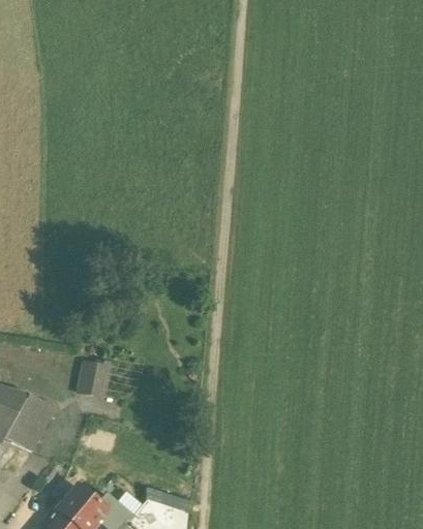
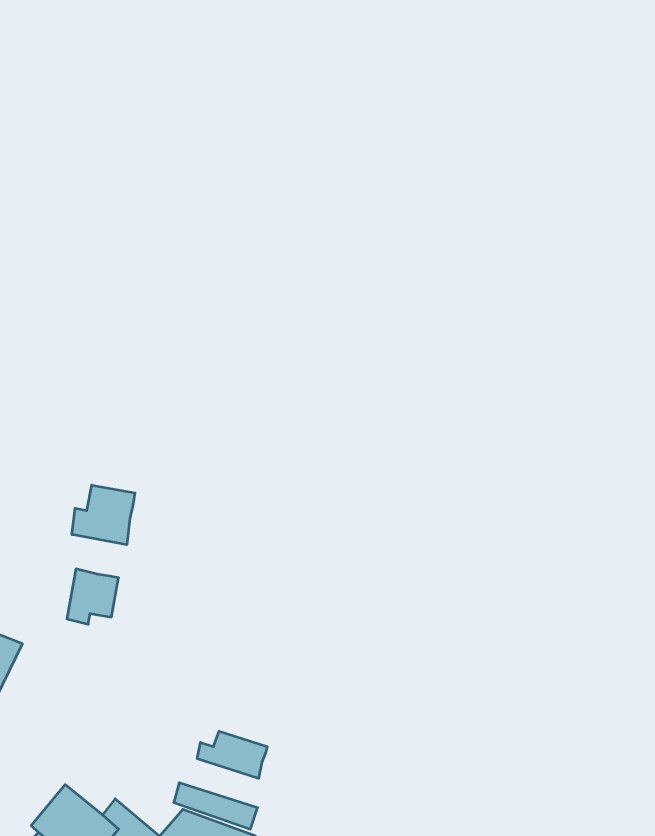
building: none -> [72,485,135,545]
building: none -> [197,731,267,778]

